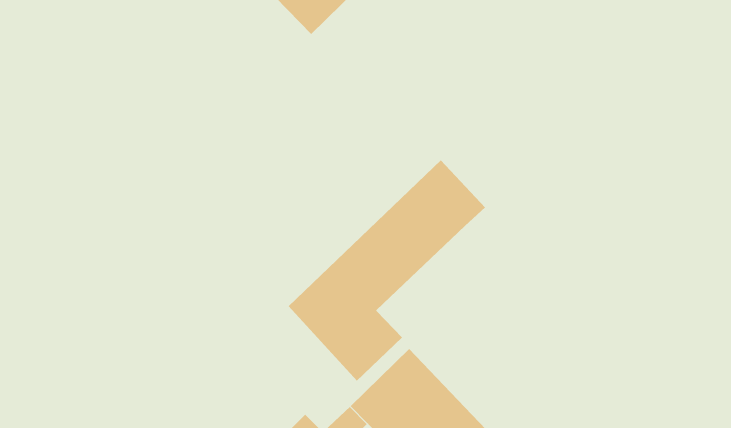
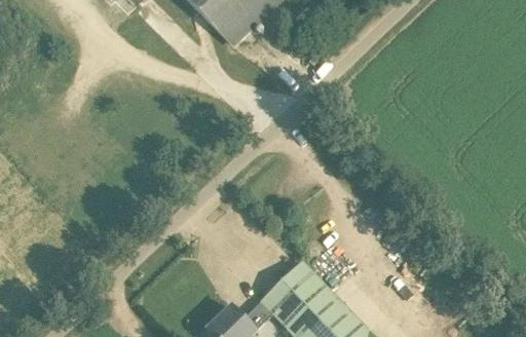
building: [288,159,486,381] -> none

